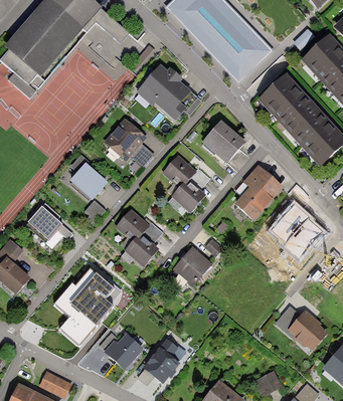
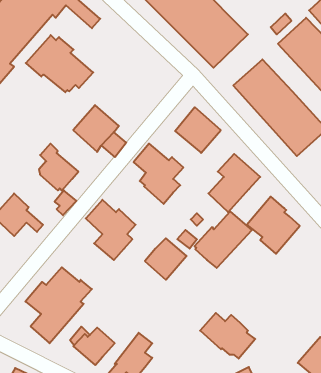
building: [137,64,202,120] -> [26,35,93,92]
building: none -> [195,211,252,268]
building: [275,306,328,350] -> [200,313,255,359]

